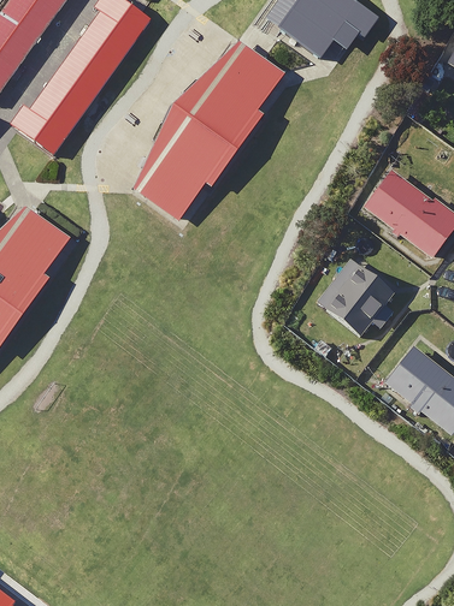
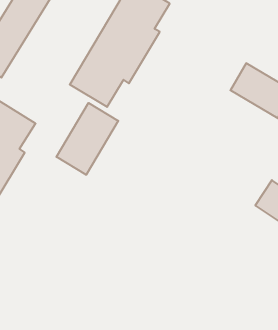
building: none -> [56,103,118,175]
building: [326,263,400,337] -> none

